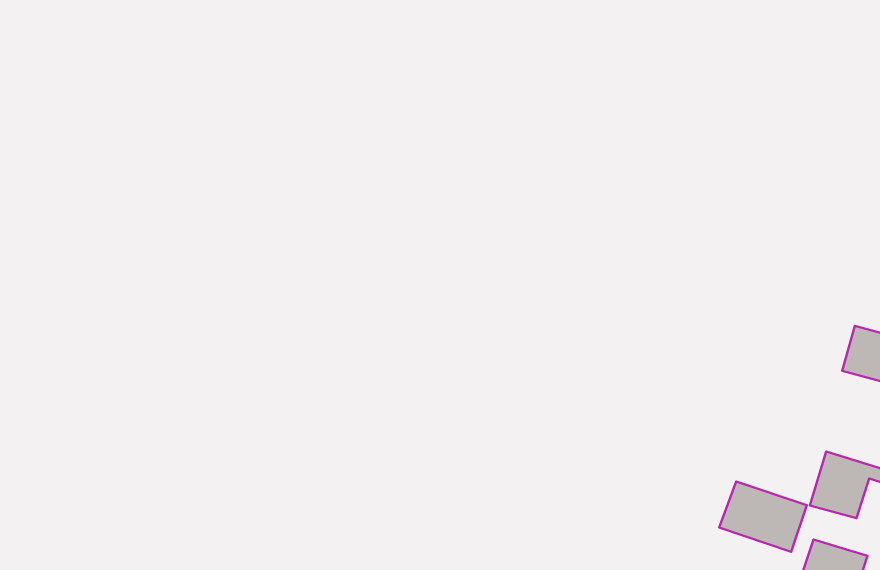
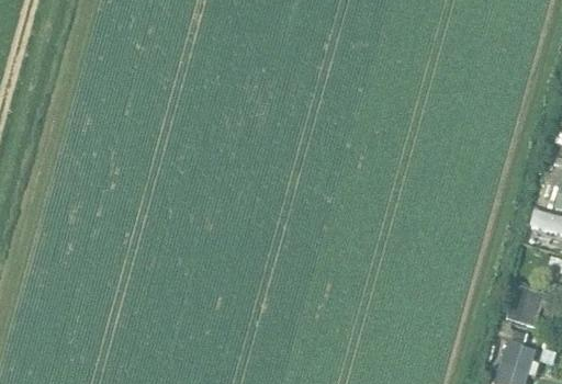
building: [719,482,807,552] -> none

